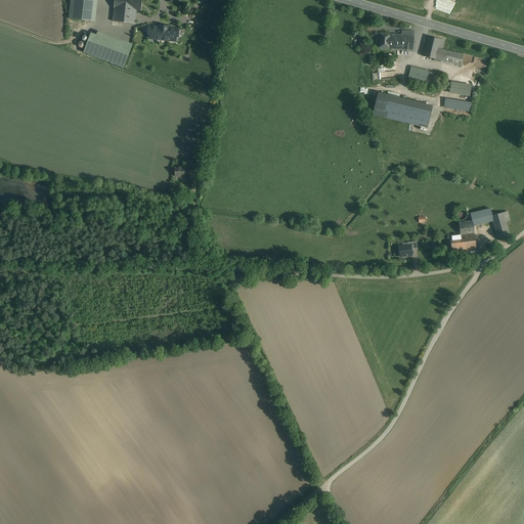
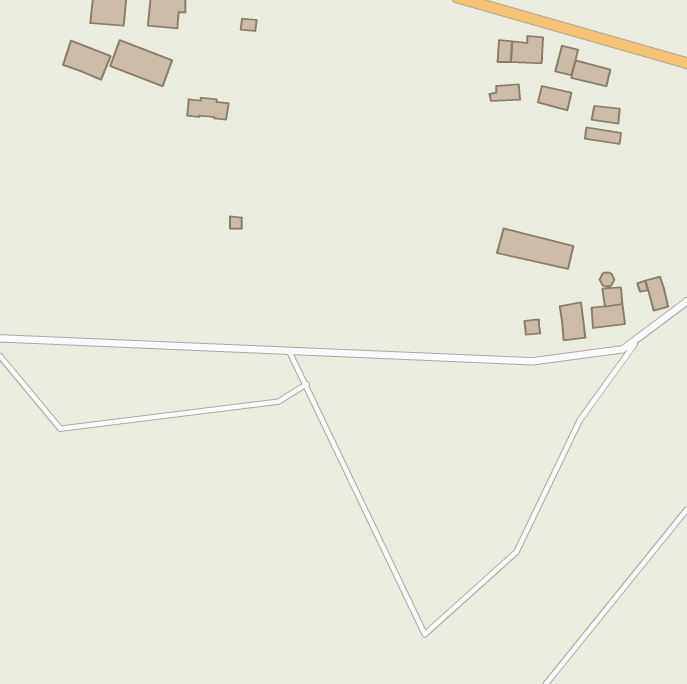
building: [147,24,179,40] -> [187,98,229,119]
building: none -> [63,41,110,80]
building: [373,94,431,125] -> [497,229,573,269]
building: none -> [560,302,585,340]

